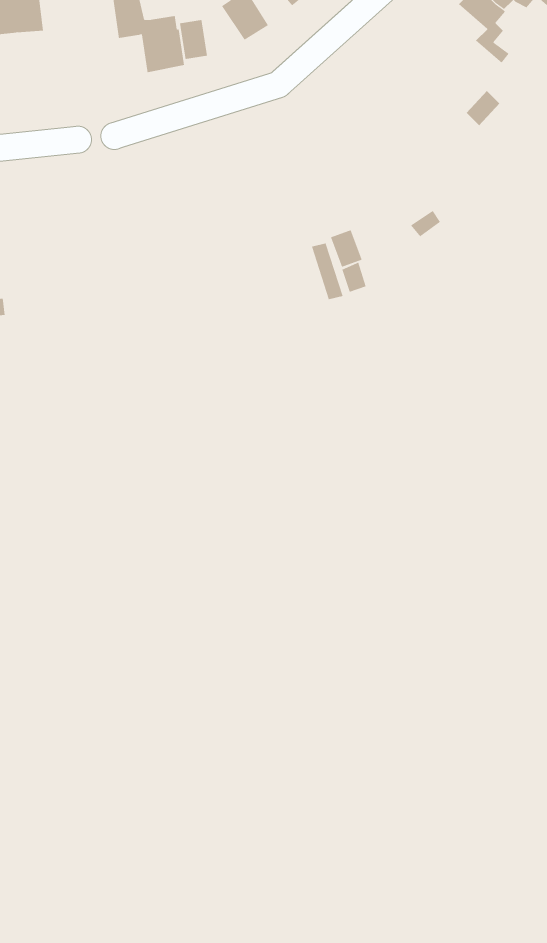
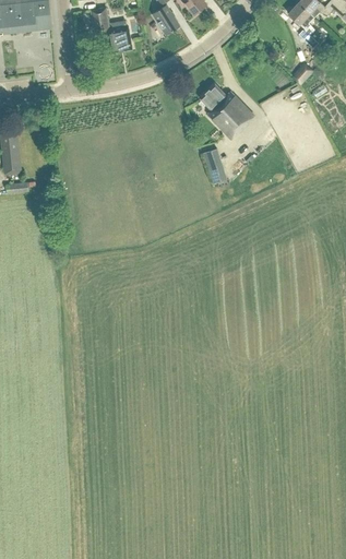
building: none -> [199,82,253,138]

